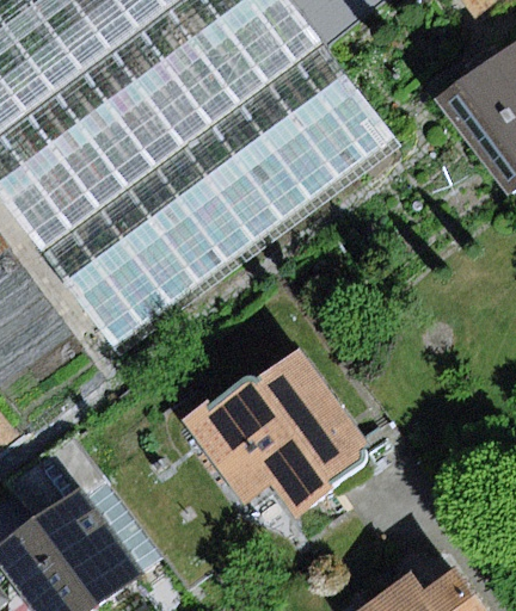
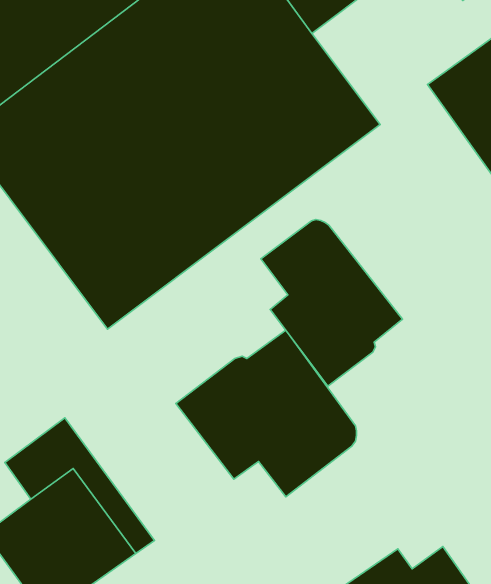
building: none -> [261,220,403,386]

